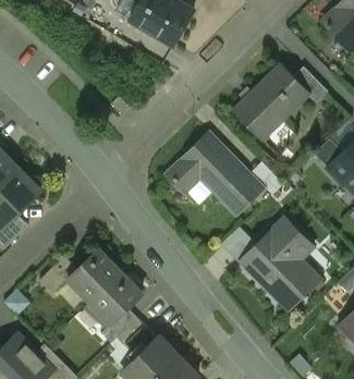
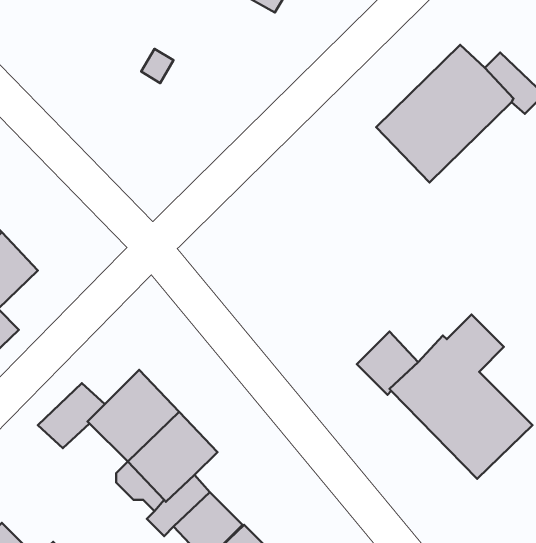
building: [167,134,261,213] -> none

